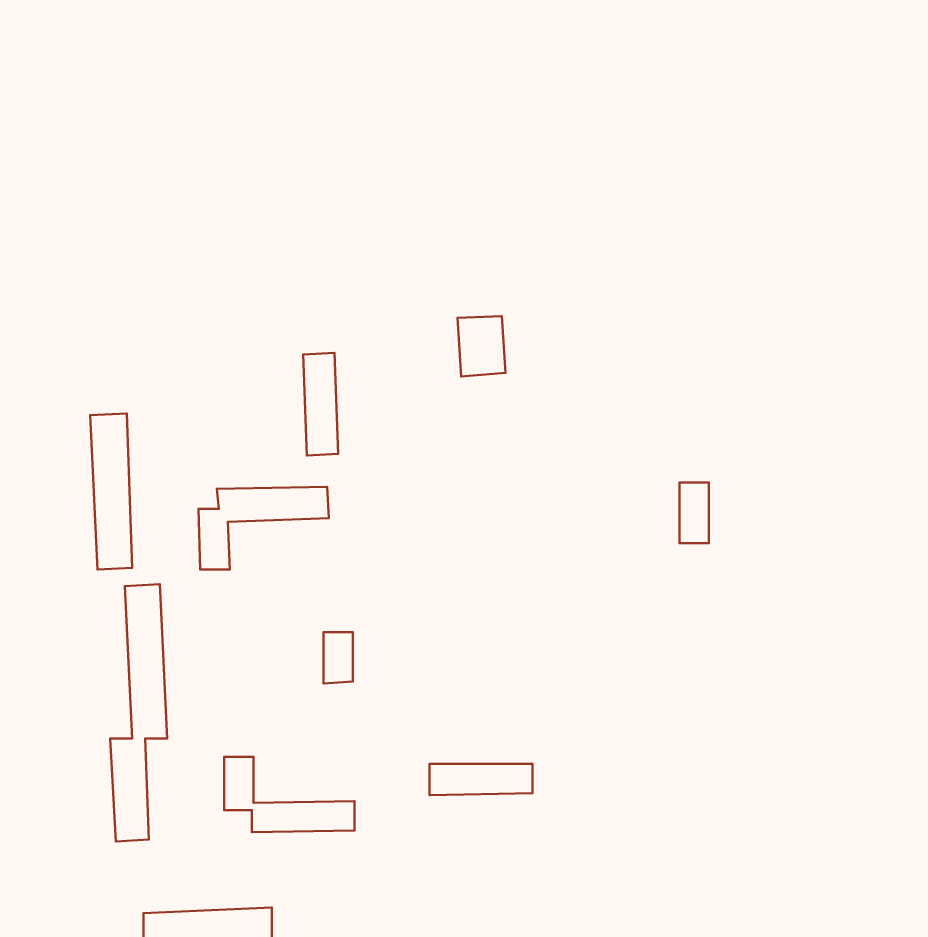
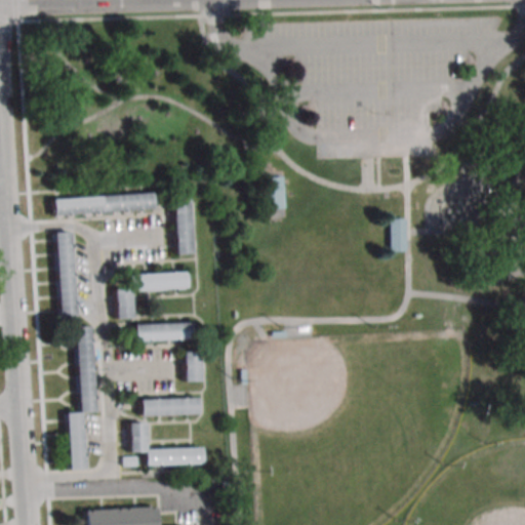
building: none -> [54,194,156,215]
building: [680,482,709,543] -> [393,218,409,252]
building: none -> [136,323,194,340]
building: [430,764,533,795] -> [143,399,200,416]

